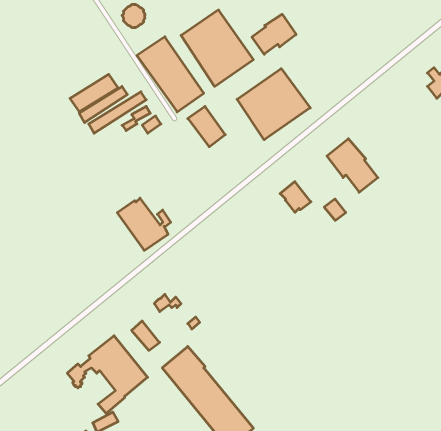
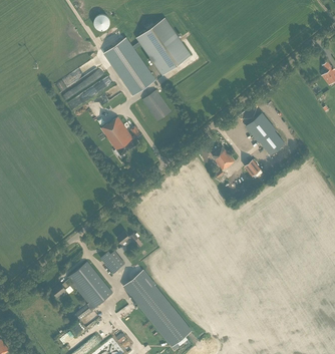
building: [252,14,296,54] -> none
building: [237,69,310,140] -> none
building: [117,198,171,250] -> [100,116,140,155]

